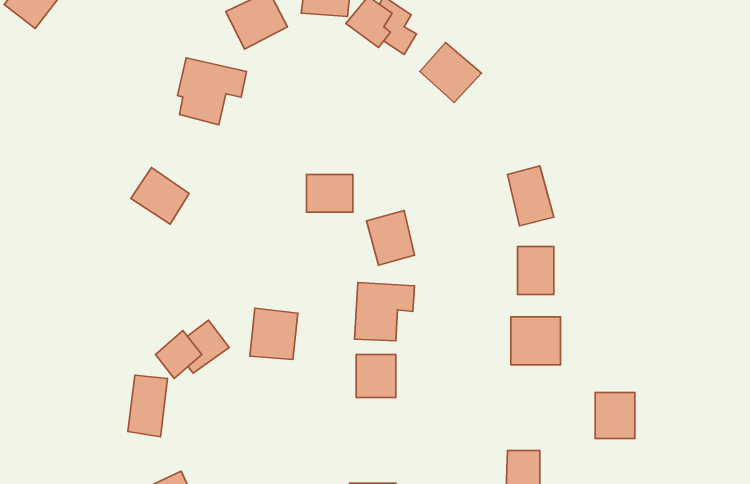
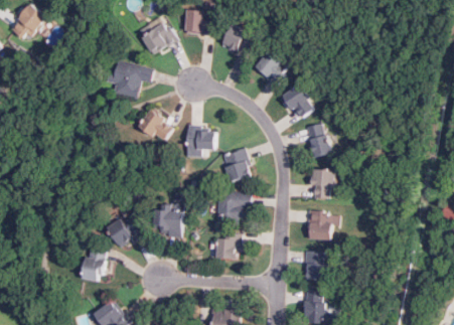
building: none -> [283,85,314,119]
building: [131,168,189,224] -> [138,109,172,142]
building: [595,392,635,439] -> [304,253,327,280]

